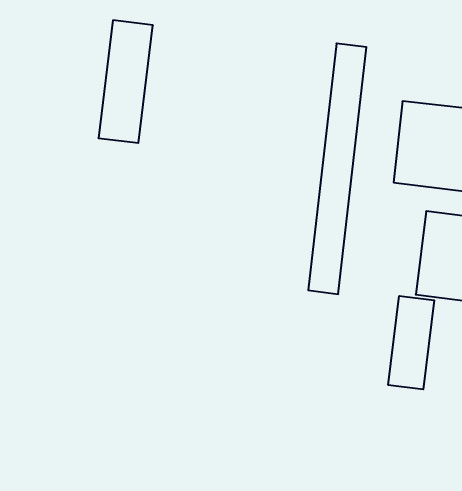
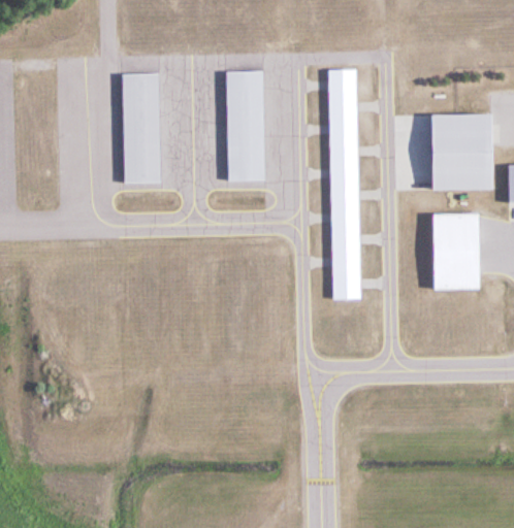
building: none -> [226,71,265,180]
building: [388,296,434,389] -> none

